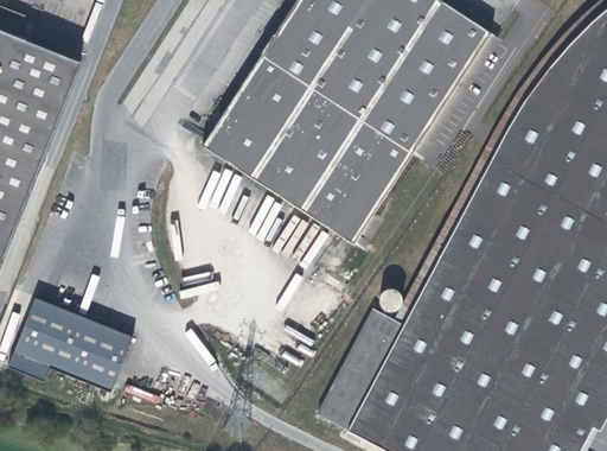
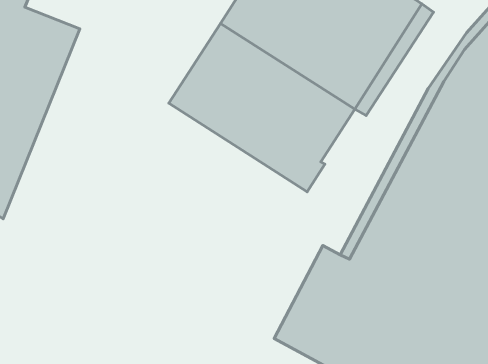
building: [9,296,134,389] -> none

